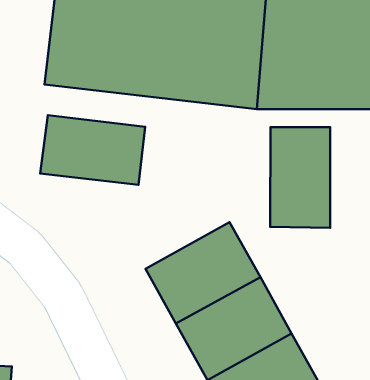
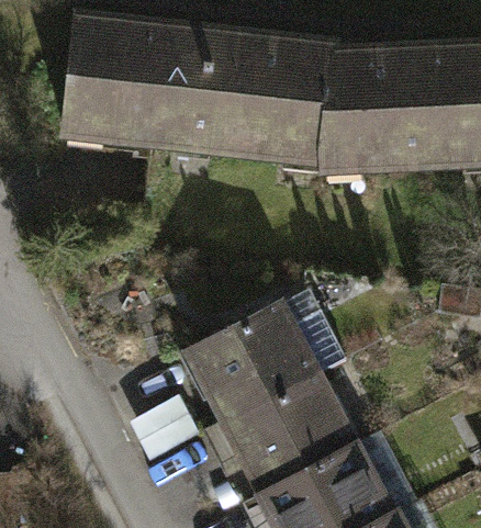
building: [40,115,145,185] -> none
building: [270,127,330,228] -> none

